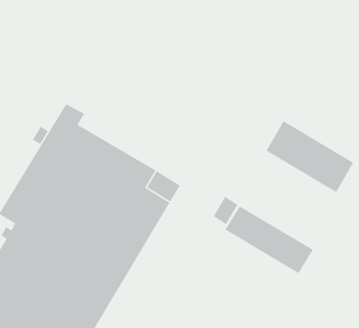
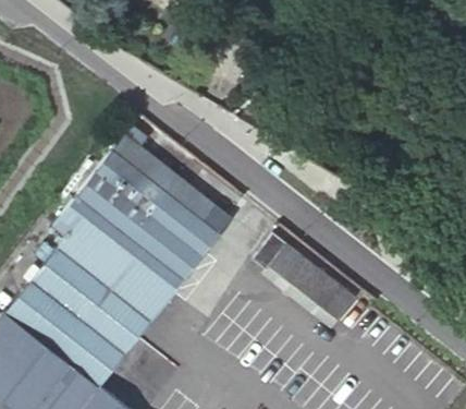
building: [265,120,354,193] -> none

